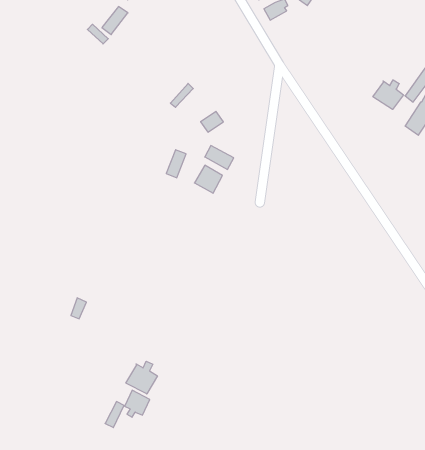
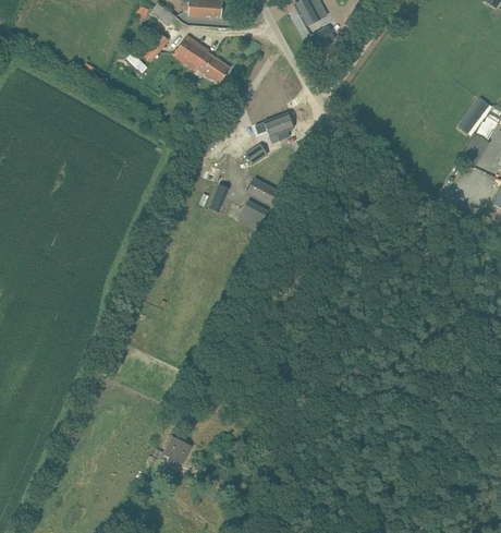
building: none -> [173,35,230,83]
building: [373,80,403,109] -> none
building: none -> [264,112,293,143]
building: [126,361,157,394] -> none

